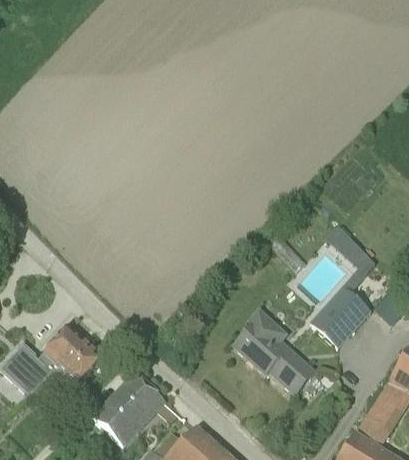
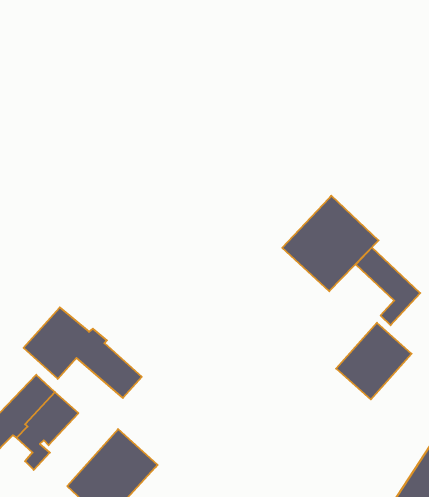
building: none -> [282,196,379,291]
building: none -> [24,307,142,398]
building: [234,309,316,395] -> none

